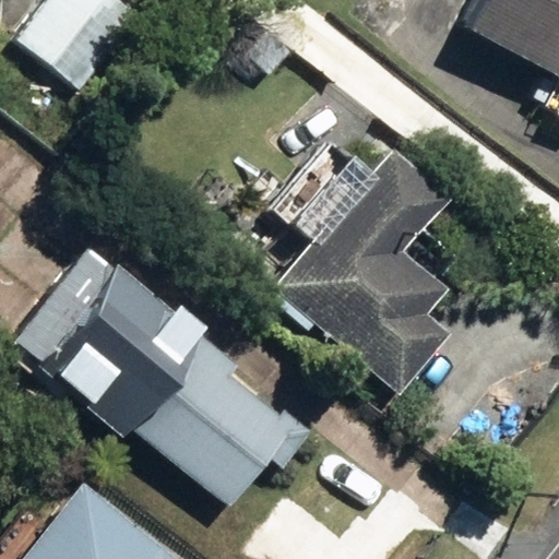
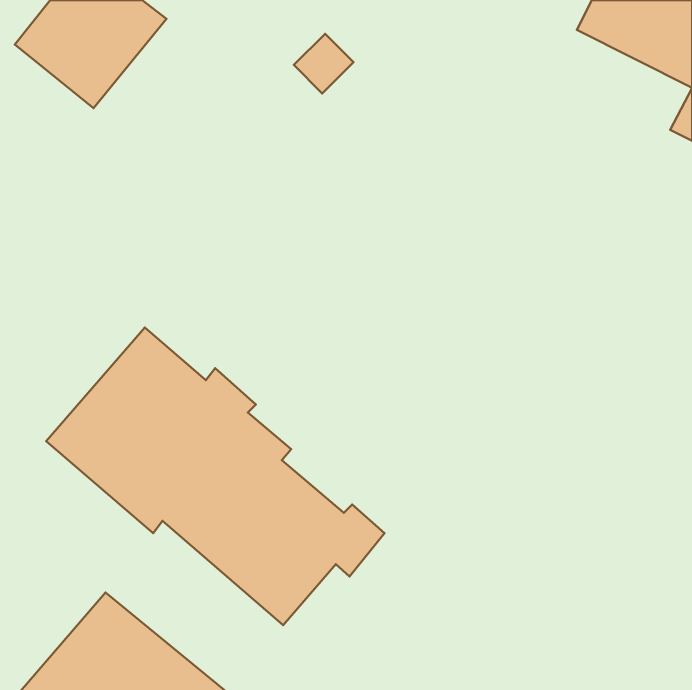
building: [273,145,451,391] -> none

